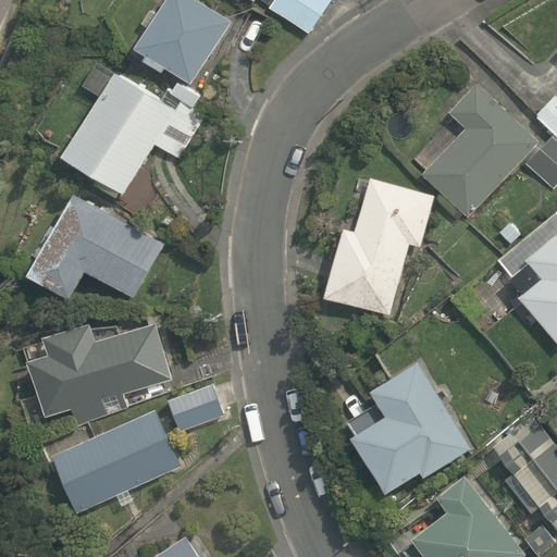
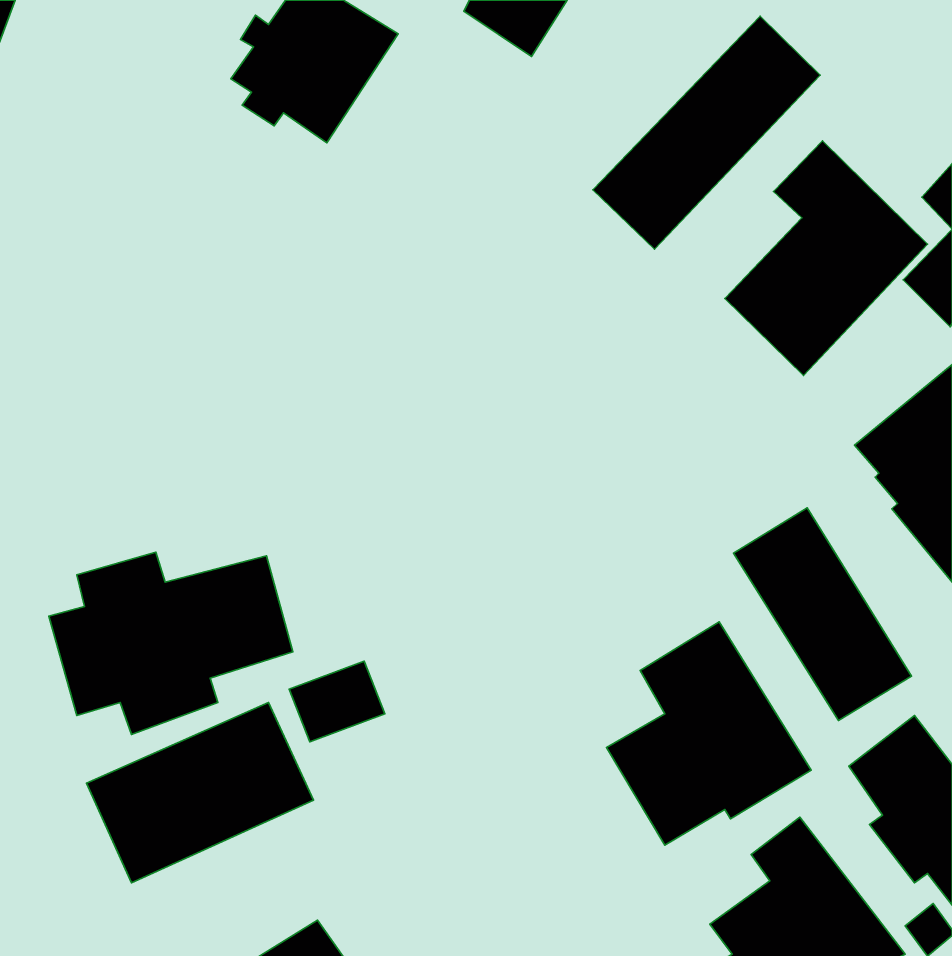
building: none -> [593,16,820,249]
building: [62,72,203,195] -> none
building: [323,177,433,315] -> none
building: [27,194,163,298] -> none
building: none -> [734,508,911,721]

